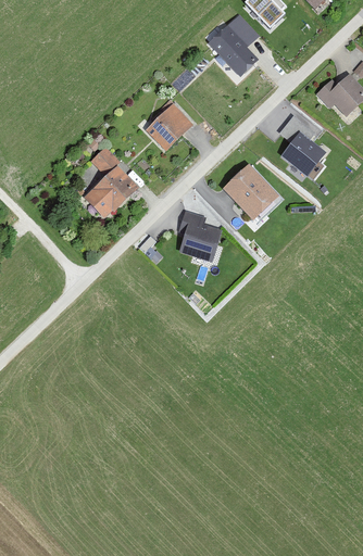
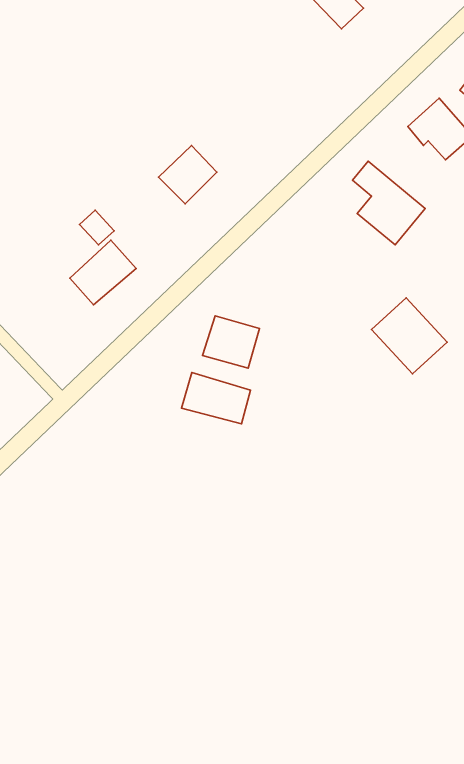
building: [211,17,256,77] -> none
building: [224,168,276,220] -> [372,298,447,374]
building: none -> [182,373,251,424]

